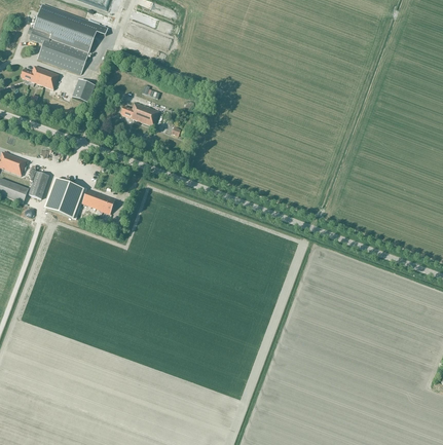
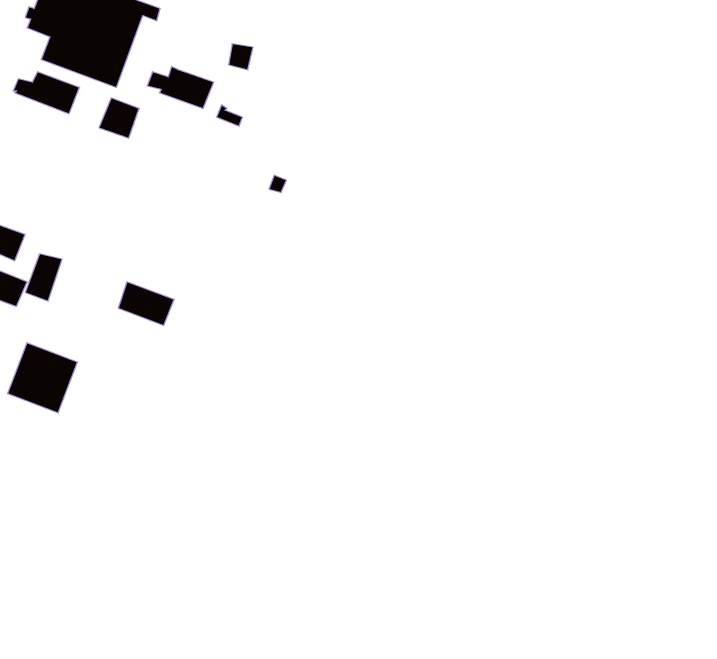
building: [119,102,158,126] -> [147,66,214,108]
building: [42,178,83,219] -> [7,343,78,413]

